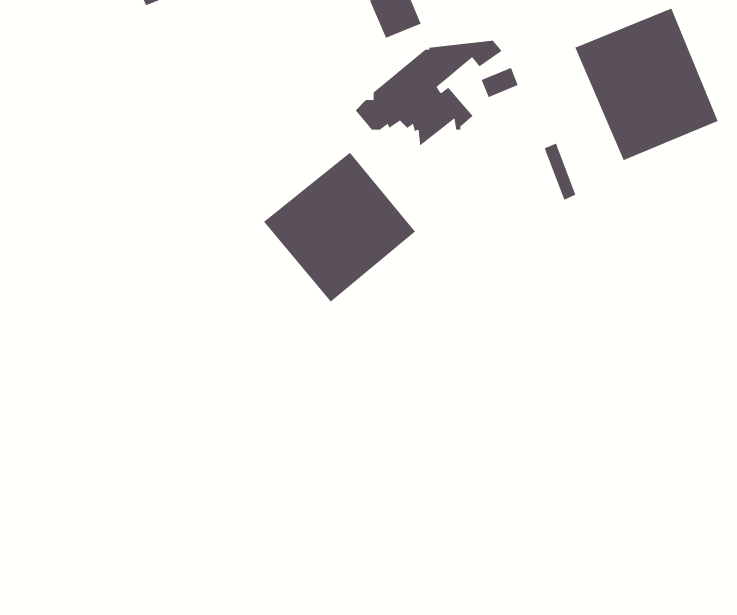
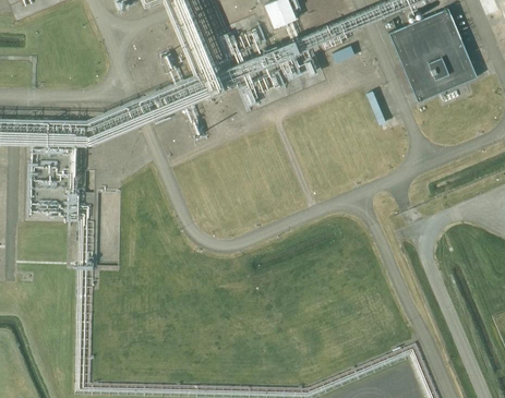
building: [263,152,416,302] -> none

